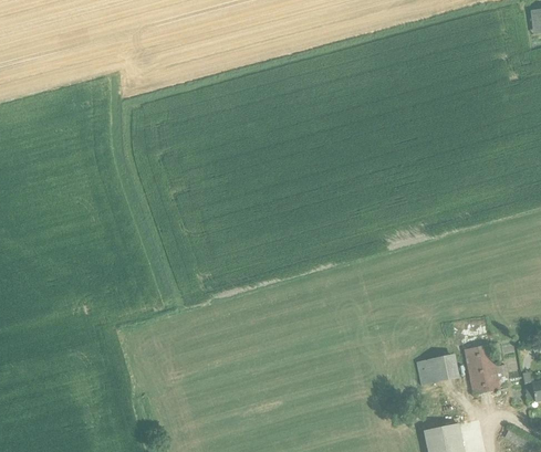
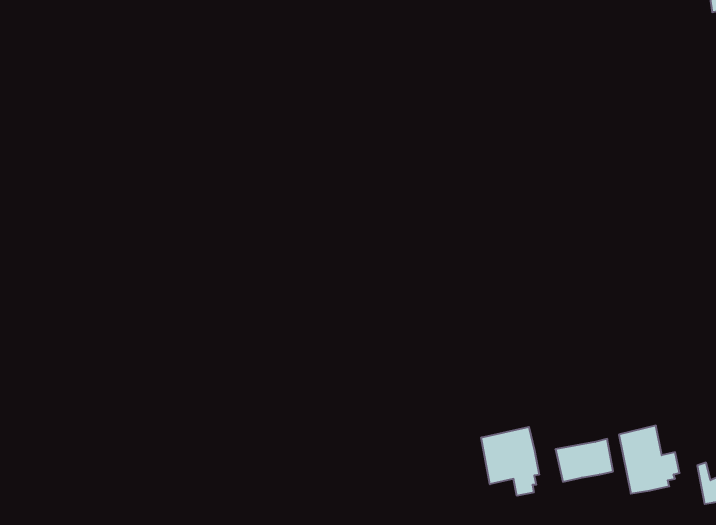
building: none -> [481,427,539,496]

